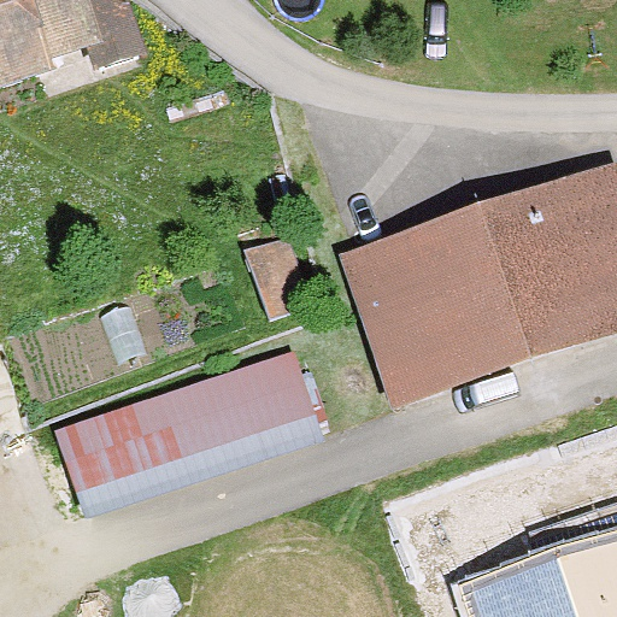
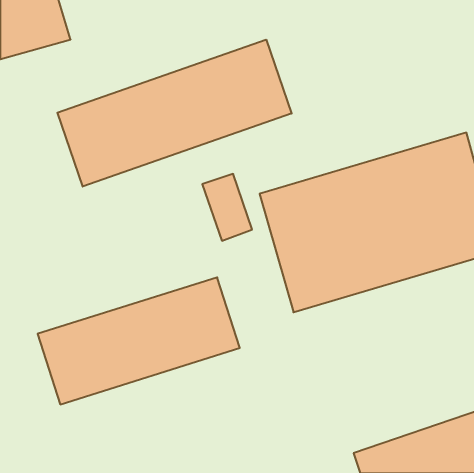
building: none -> [57,40,292,187]

